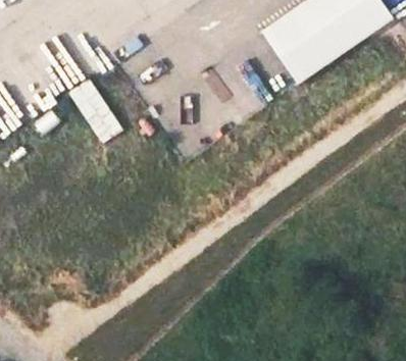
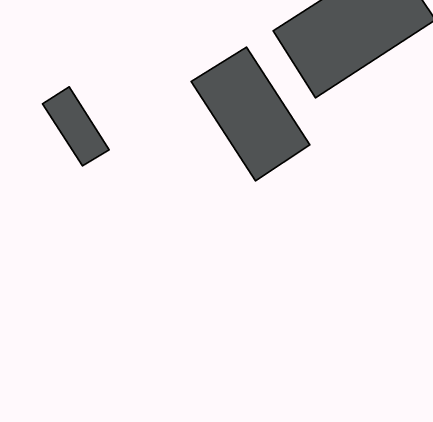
building: none -> [191,47,310,181]

